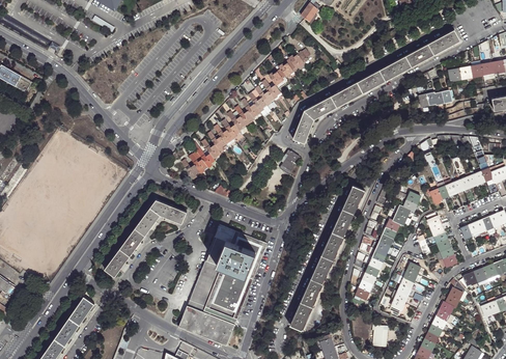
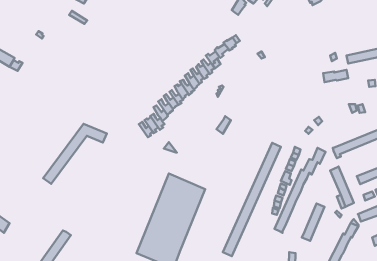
building: [293,29,459,142] -> none
building: [105,199,187,276] -> [43,124,107,184]

